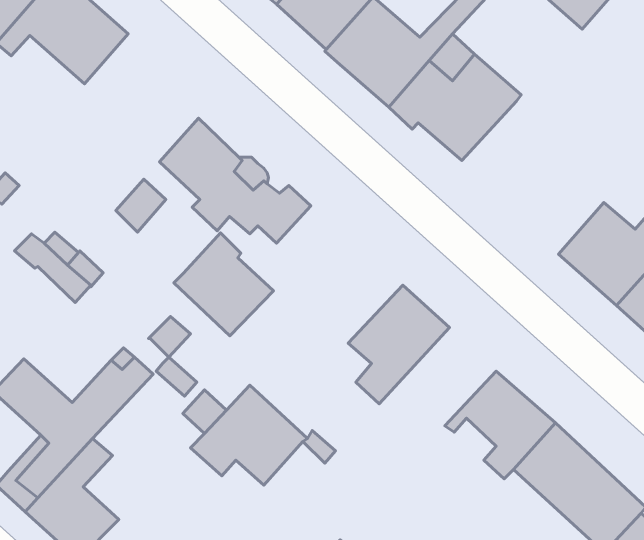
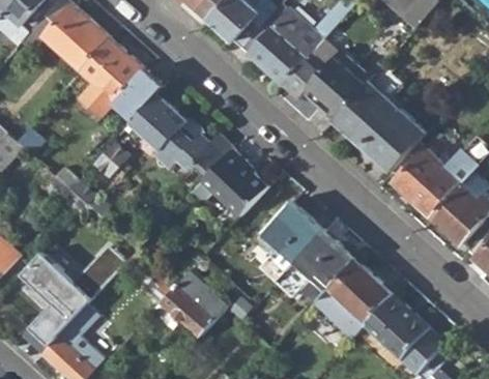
building: none -> [80,36,155,111]
building: none -> [330,81,425,172]
building: [174,233,274,336] -> [201,148,267,216]
building: none -> [276,231,353,298]

